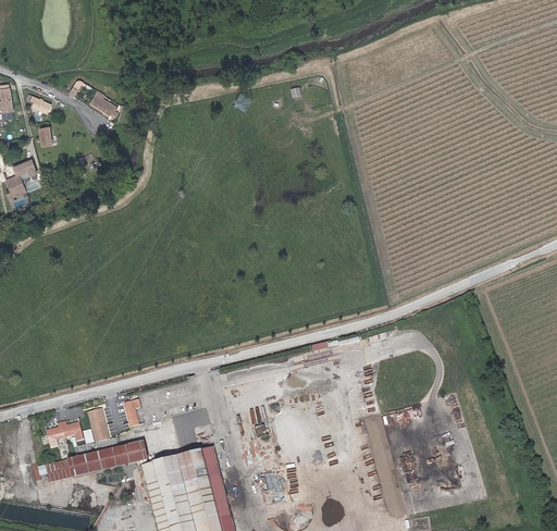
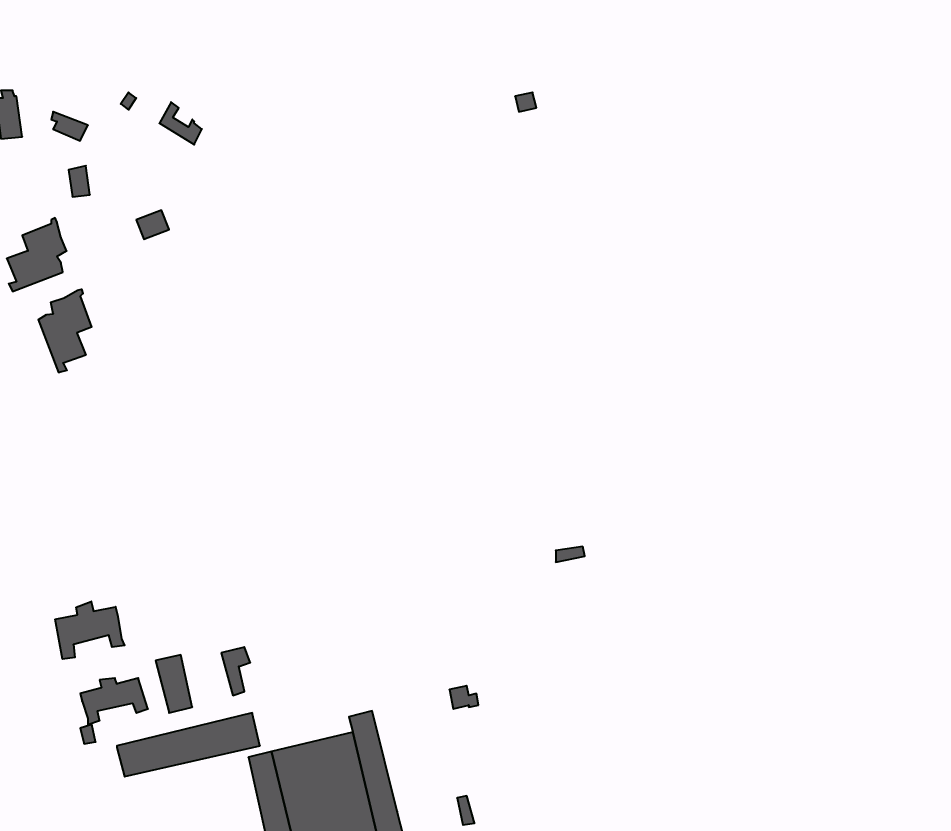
building: none -> [38,289,92,373]
building: none -> [55,601,125,659]
building: [37,458,71,480] -> none

